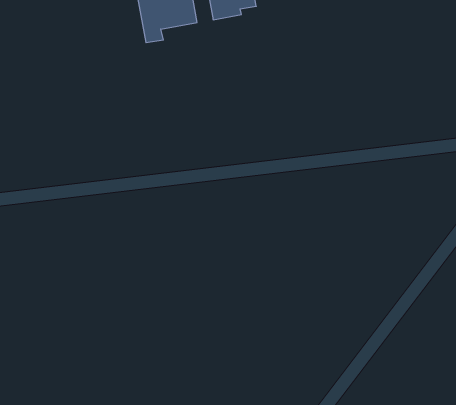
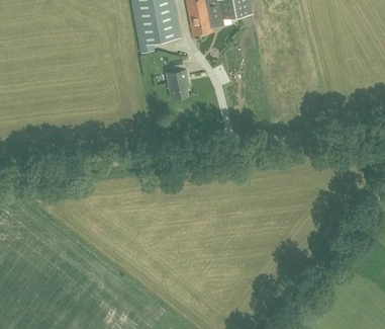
building: none -> [166,69,189,98]

